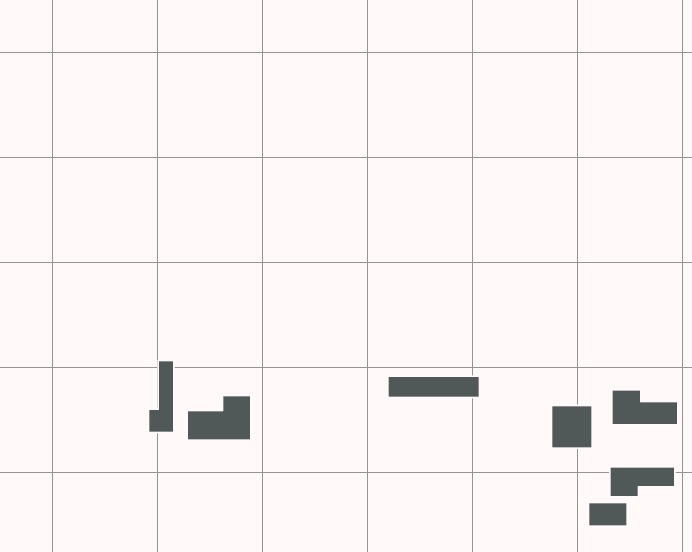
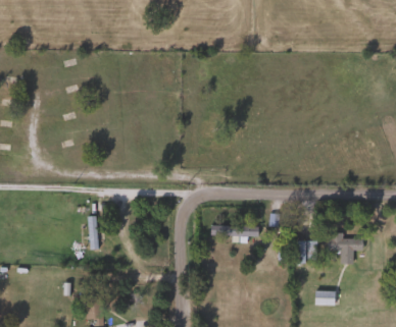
building: [187,396,251,440] -> none
building: [610,467,675,497] -> none

